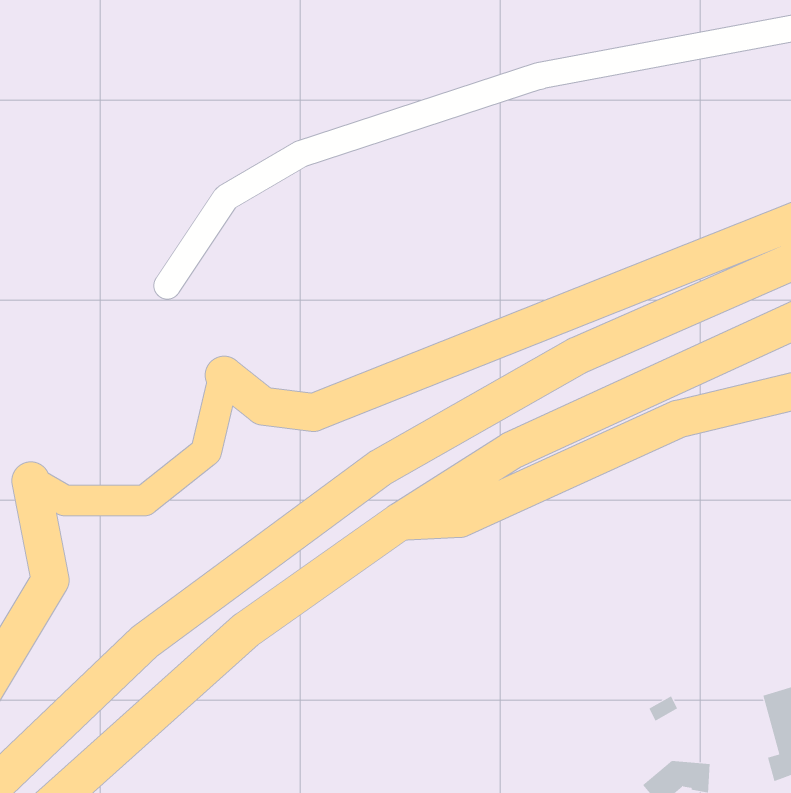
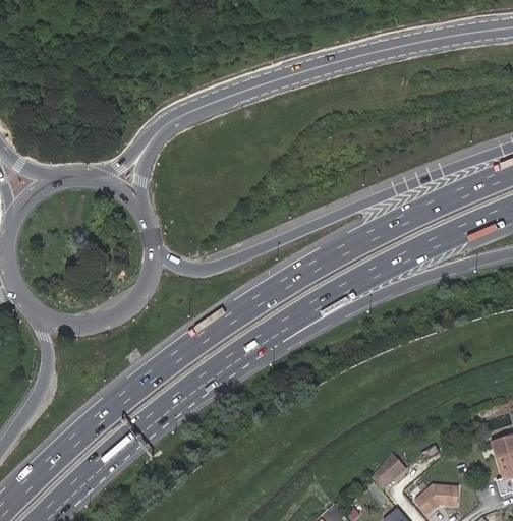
building: none -> [374,454,406,488]

